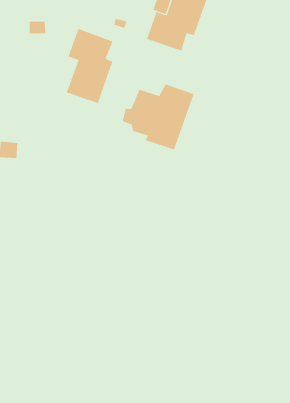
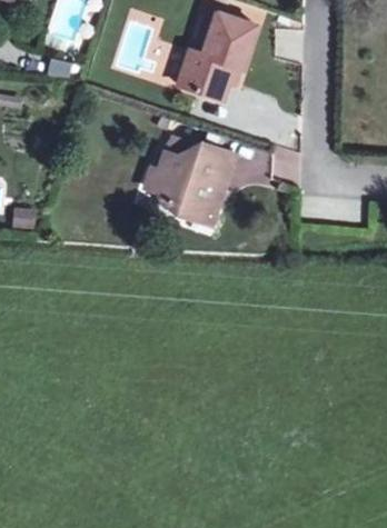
building: [66,28,113,104] -> none

